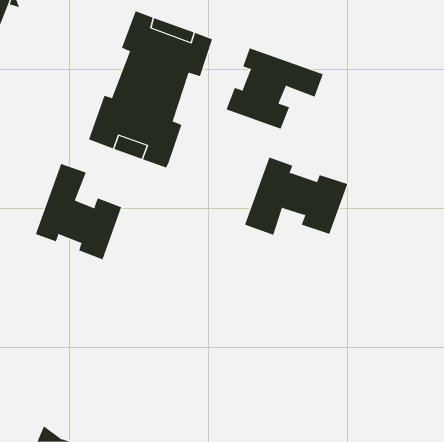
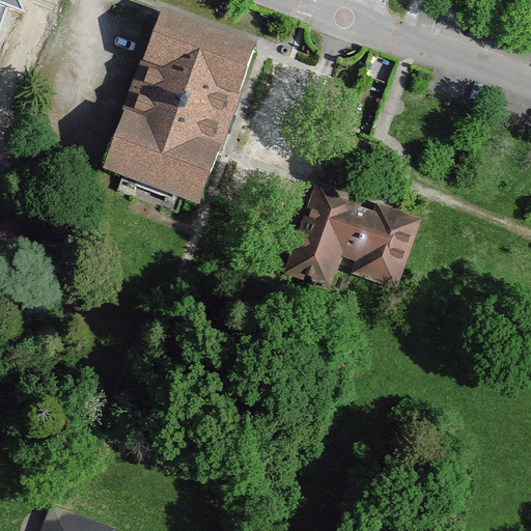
building: [226,47,324,130] -> none
building: [35,163,122,260] -> none

